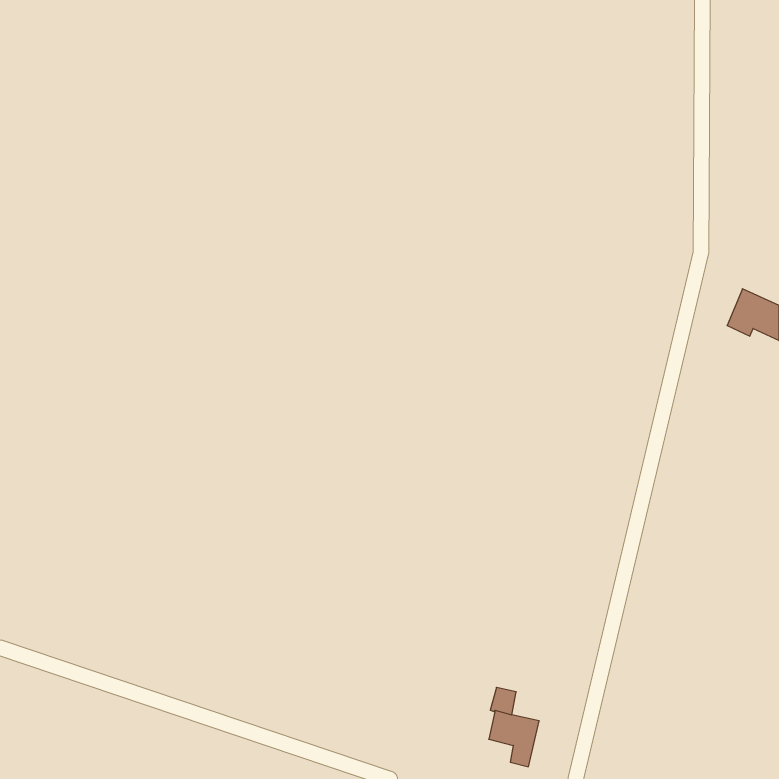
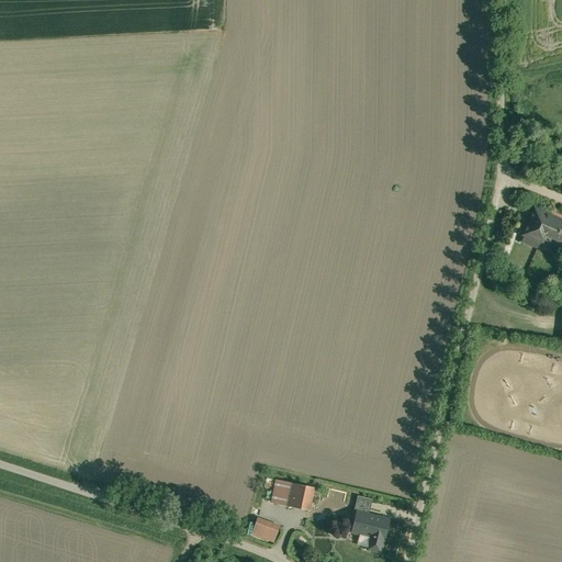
building: none -> [284,482,313,508]
building: none -> [252,516,281,541]

